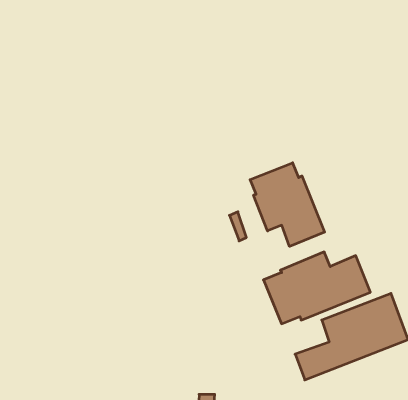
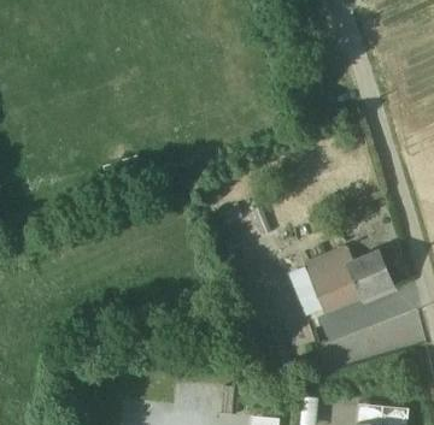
building: [250,163,325,246] -> none

